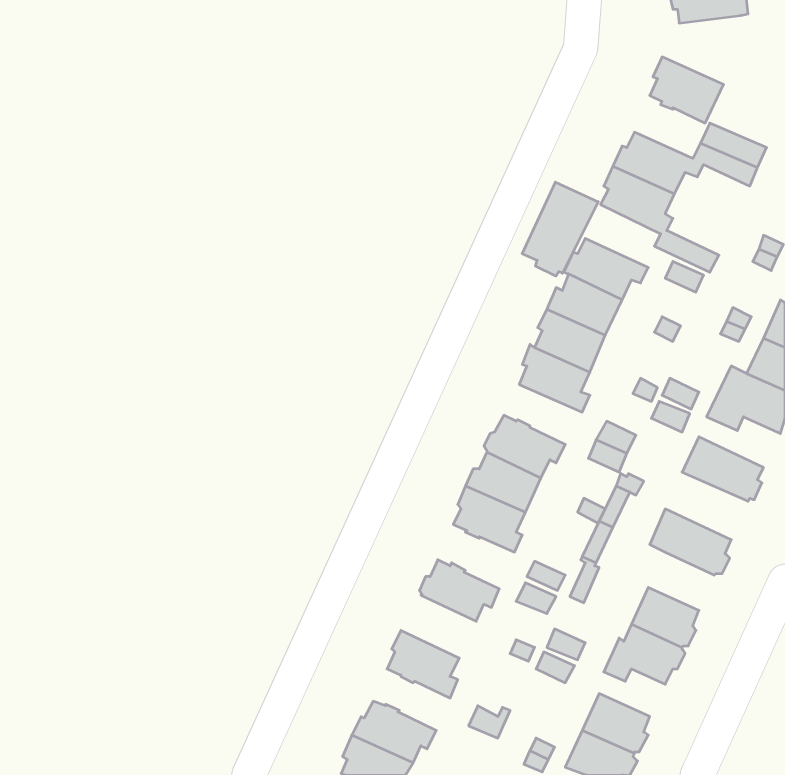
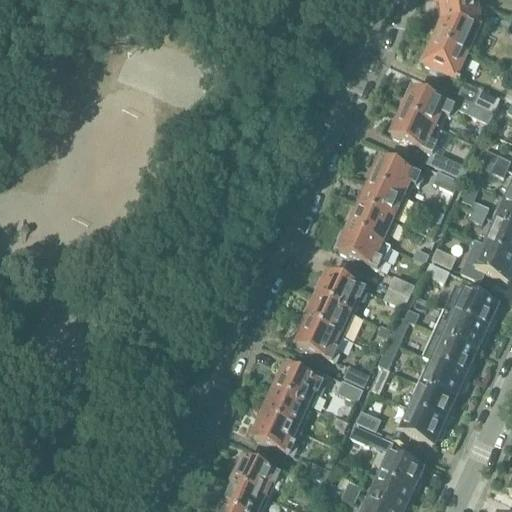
building: none -> [431,10,484,55]
building: [522,182,598,276] -> none
building: none -> [433,307,489,351]
building: none -> [422,359,468,397]
building: none -> [261,387,310,428]

